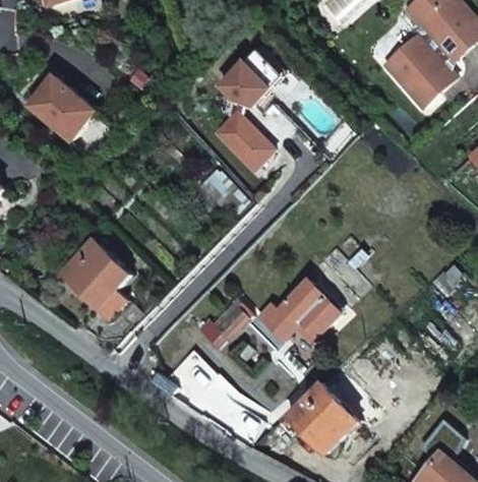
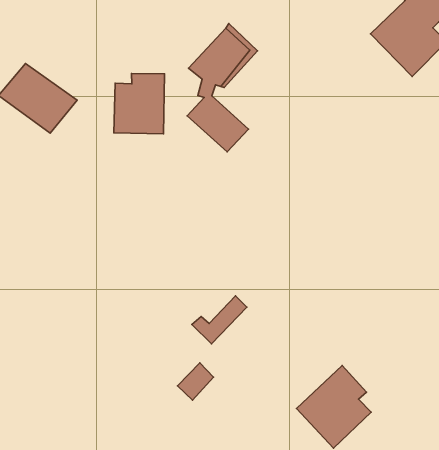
building: none -> [114,74,164,134]
building: [62,238,137,321] -> none
building: [255,280,343,340] -> none

